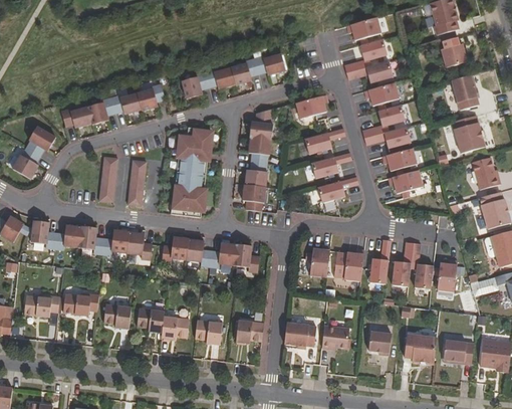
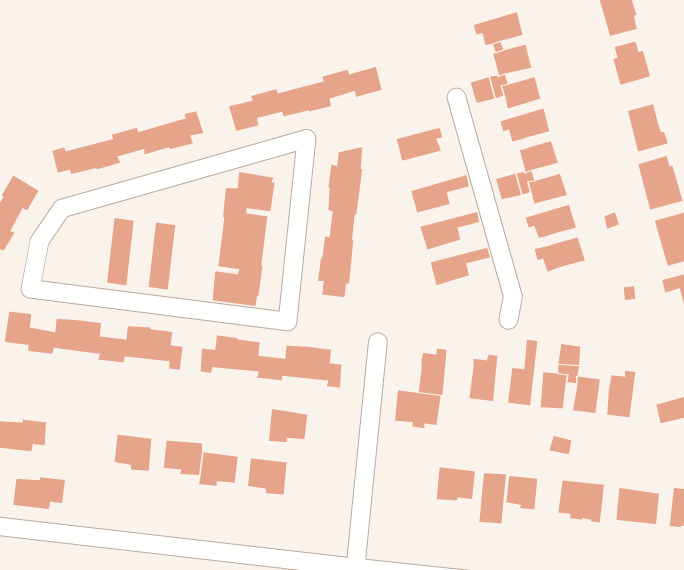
building: [63,292,99,315] -> [12,477,66,509]
building: [237,319,264,342] -> [268,409,308,443]
building: [285,323,317,349] -> [394,390,442,428]
building: none -> [479,472,506,524]

